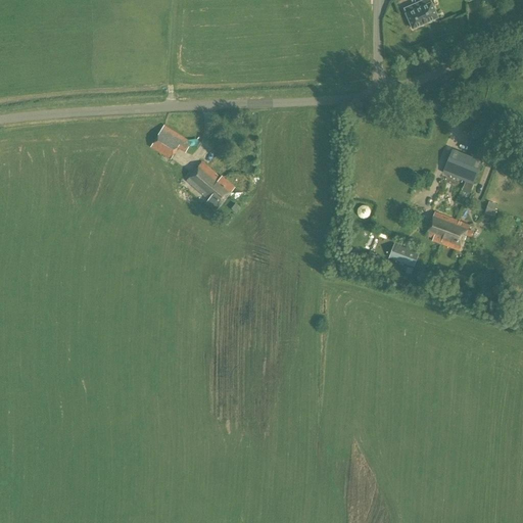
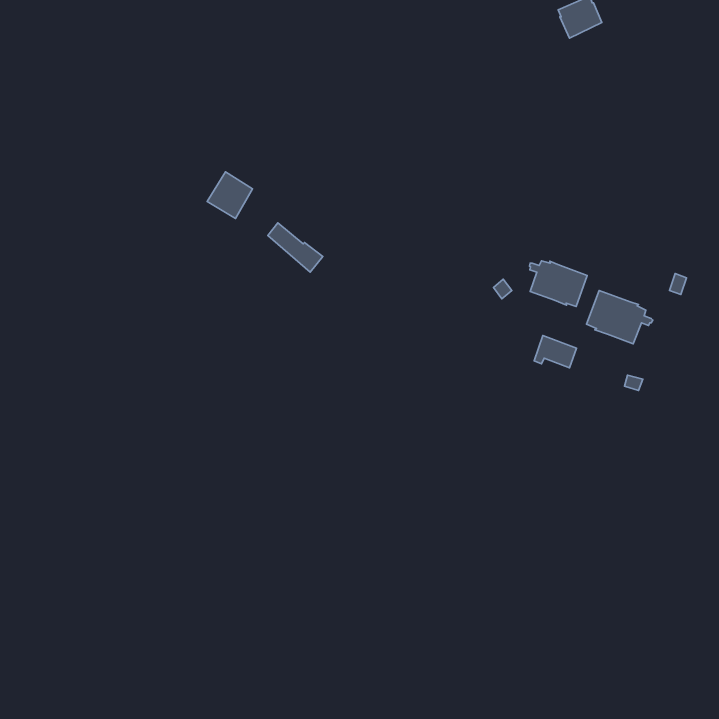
building: [441,147,481,184] -> none
building: [186,171,225,208] -> none
building: none -> [530,261,587,306]

